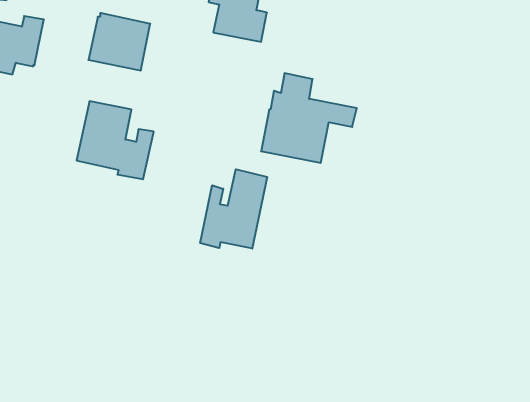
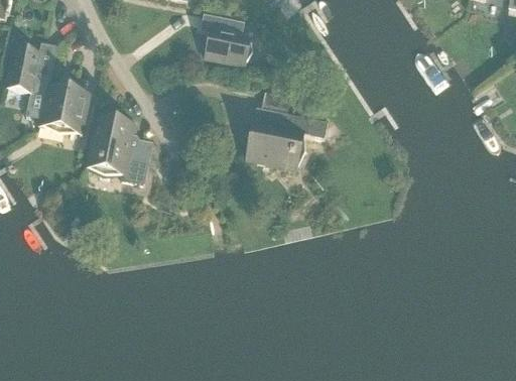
building: [88,13,150,70] -> [38,85,92,134]
building: [200,169,267,249] -> none

